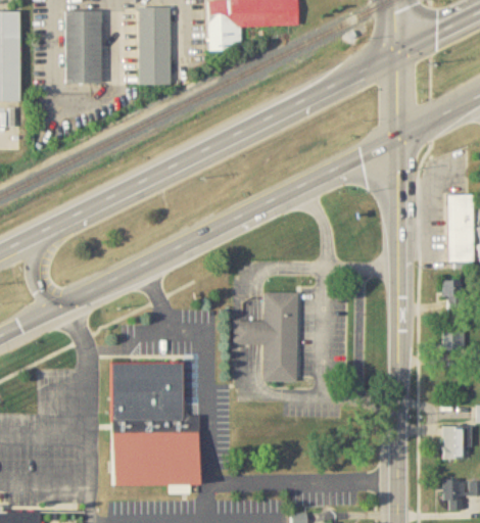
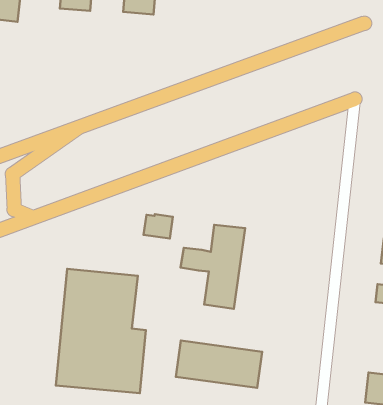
building: none -> [144,214,173,239]
building: none -> [176,341,262,388]

